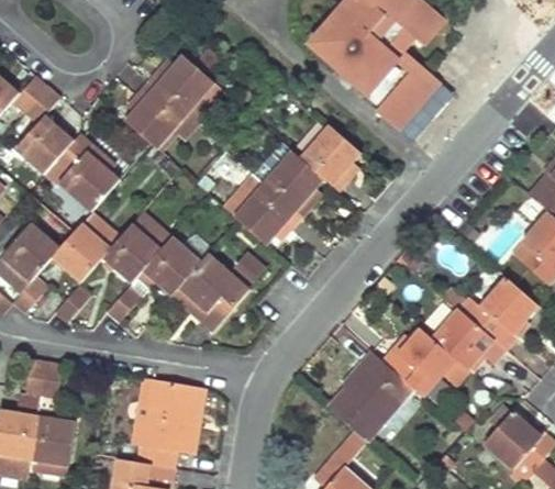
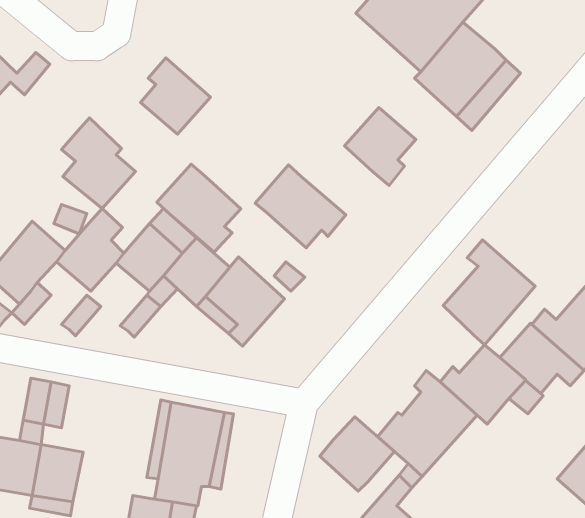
building: [146,53,214,114] -> none
building: [14,86,73,174] -> none
building: [252,140,324,215] -> [157,164,241,252]
building: none -> [443,240,535,345]
building: none -> [320,417,394,491]

